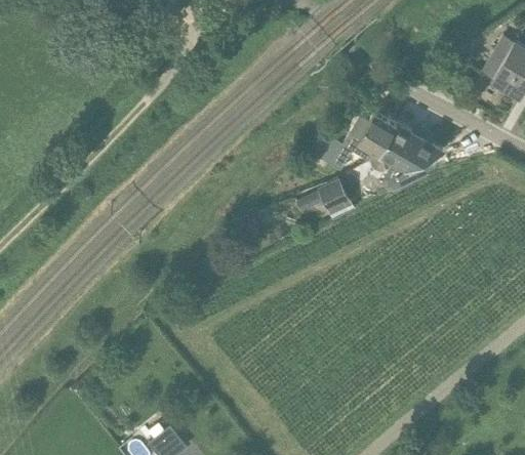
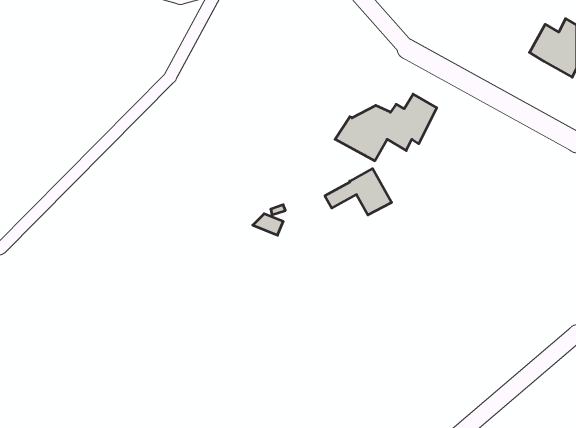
building: [380,124,442,190] -> none

